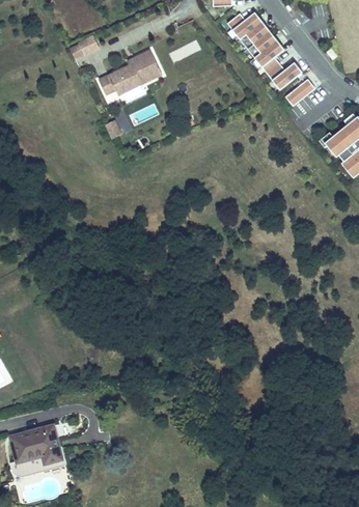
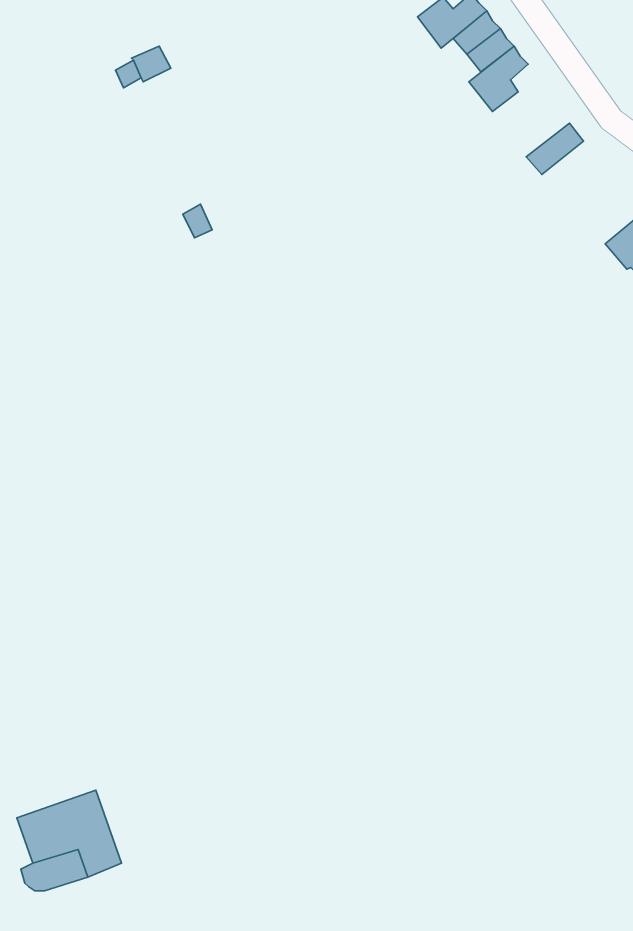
building: [98,51,161,96] -> none
building: [267,59,303,88] -> none

